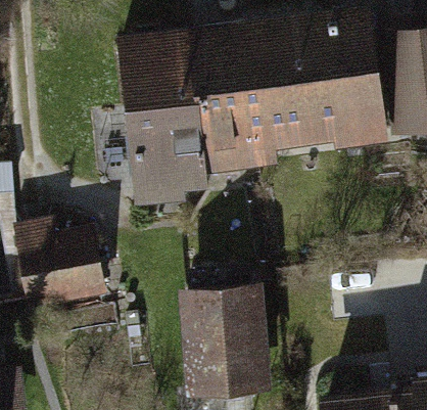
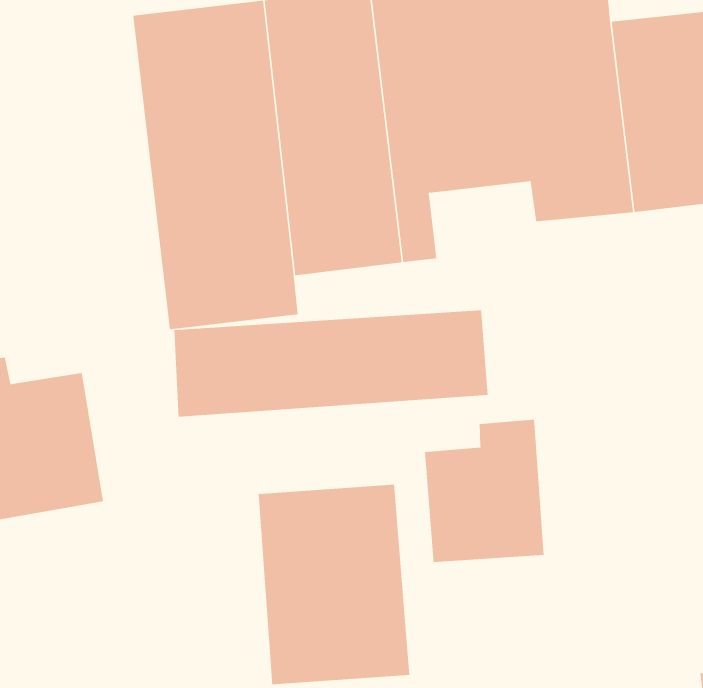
building: none -> [174,309,488,417]
building: none -> [425,419,544,563]

